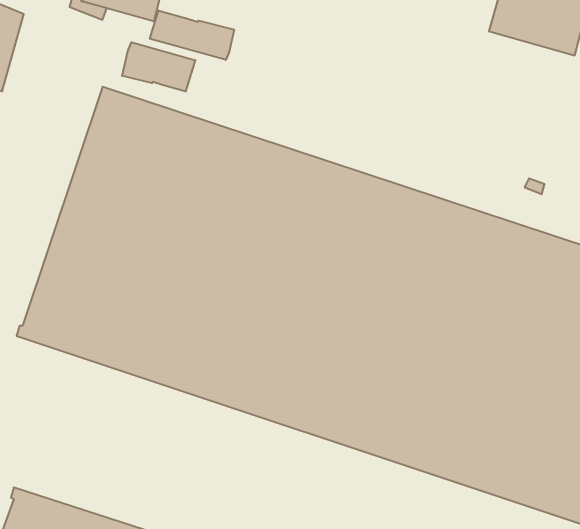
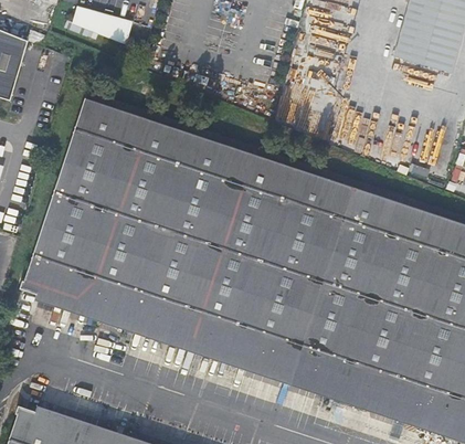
building: [150,10,234,60] -> none
building: [122,42,195,92] -> none

